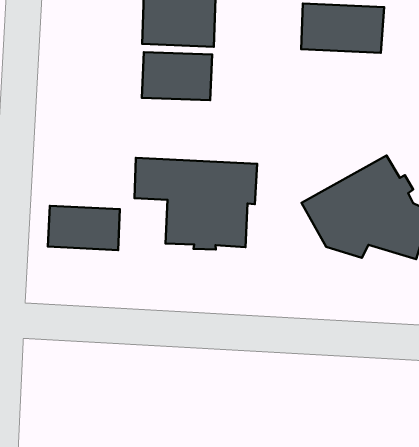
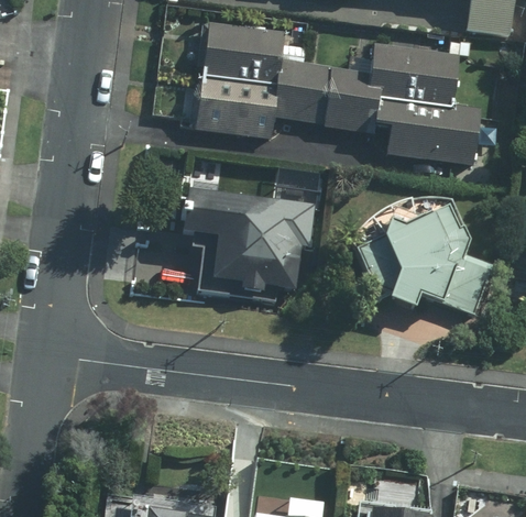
building: none -> [274,58,368,128]
building: none -> [380,100,480,163]
building: [48,206,120,250] -> none

